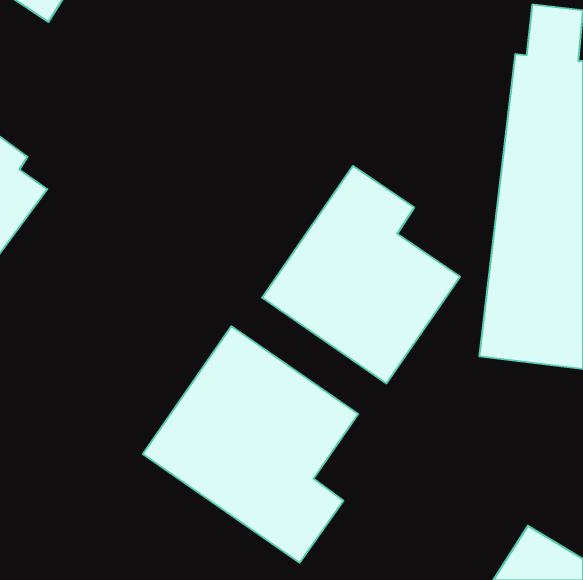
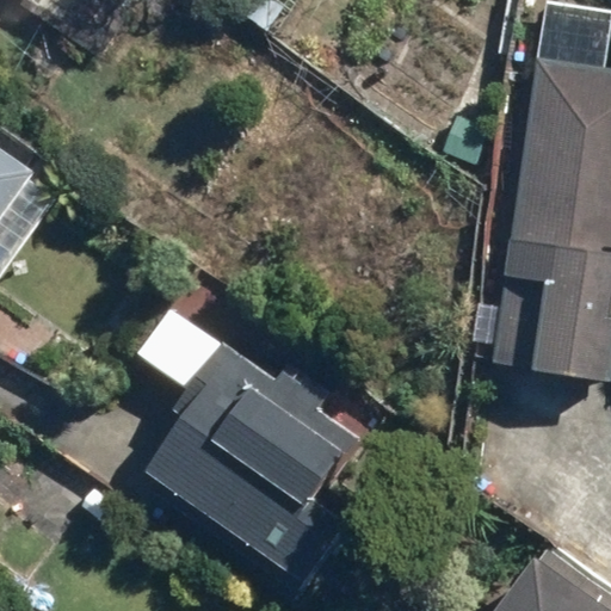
building: [262,166,460,383] -> none

